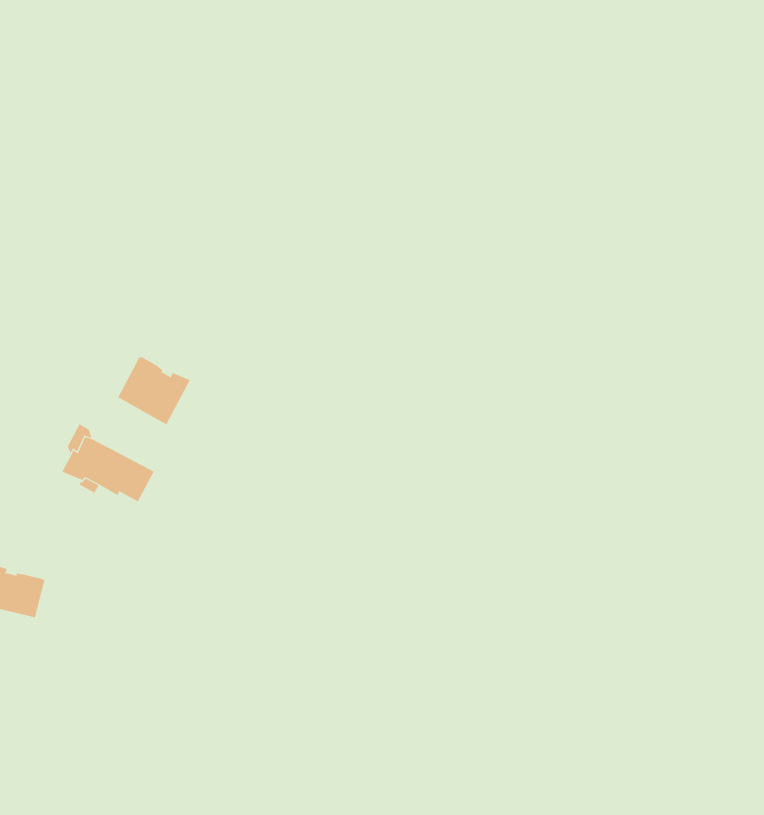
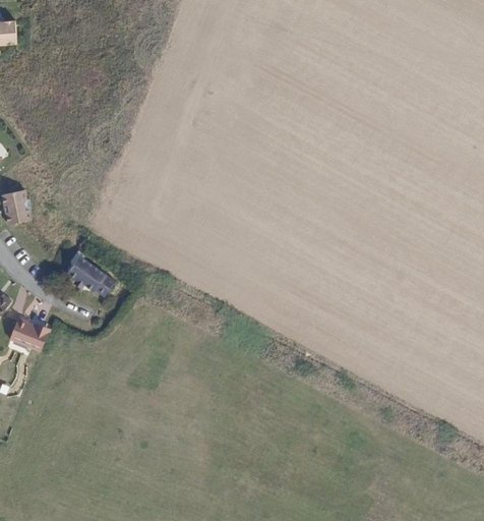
building: [117,357,190,425] -> none

